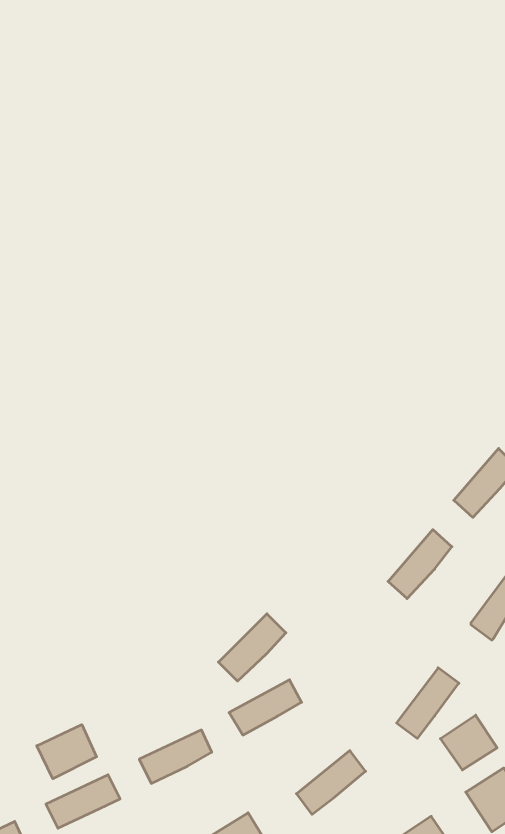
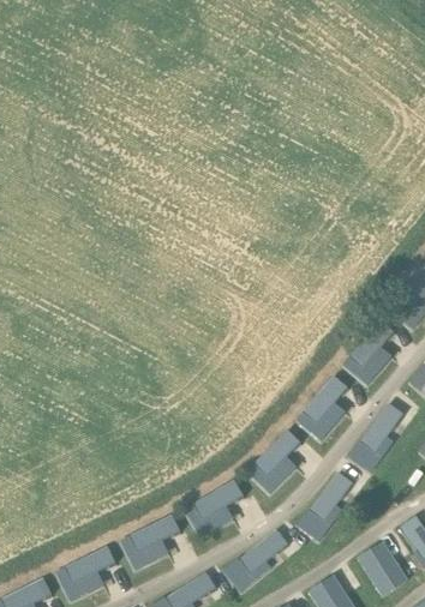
building: [218,614,286,681] -> [253,432,300,479]
building: [440,715,497,770] -> none
building: [37,725,97,779] -> none

